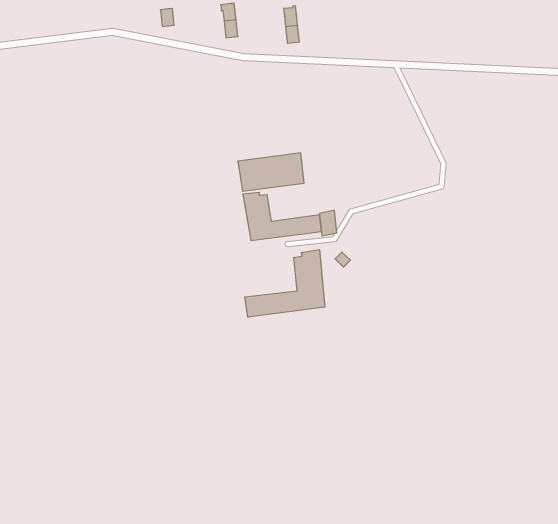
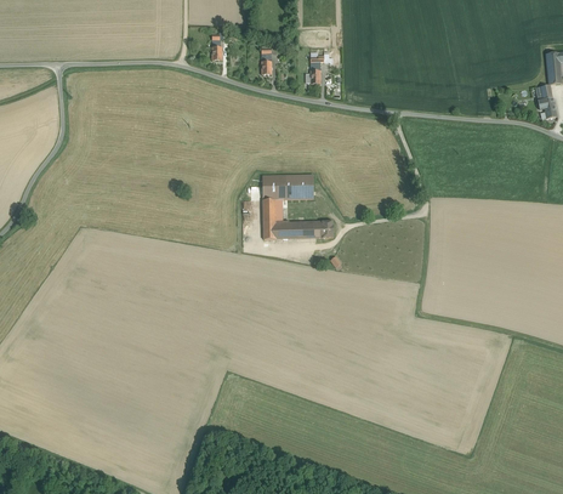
building: [245,250,325,317] -> none

